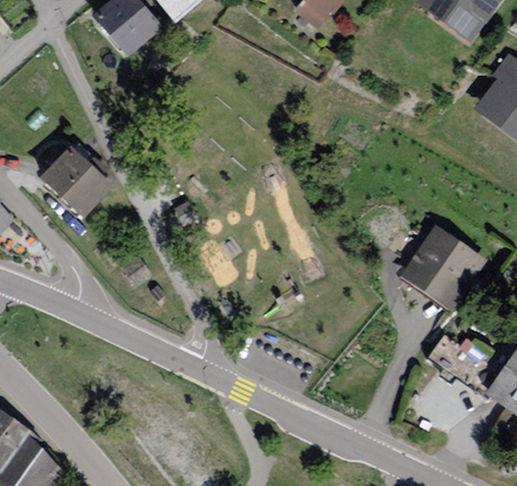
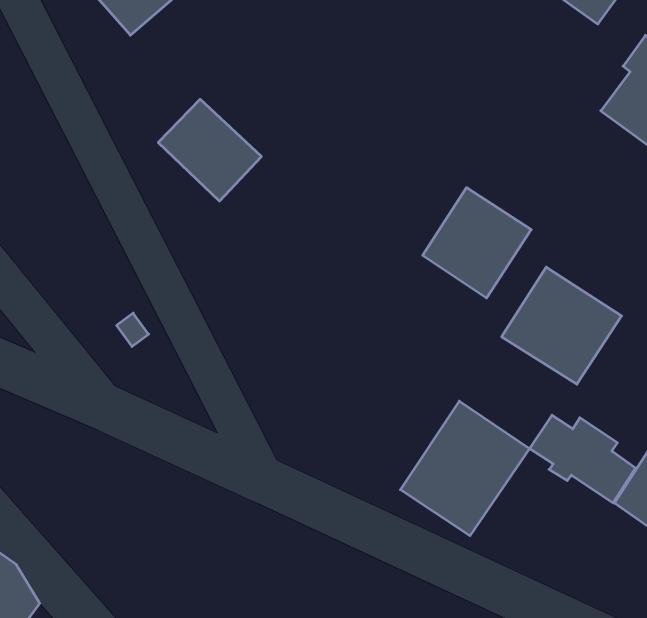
building: [39,145,115,219] -> [158,99,261,201]
building: none -> [423,188,531,298]
building: none -> [400,401,530,536]

